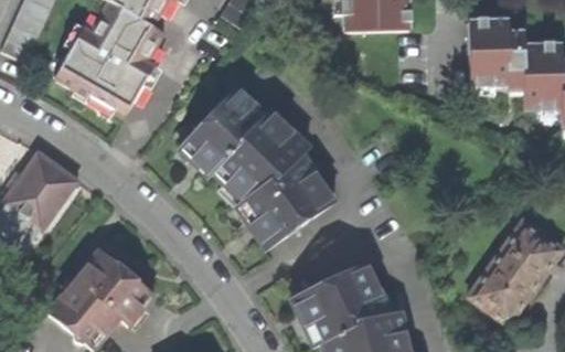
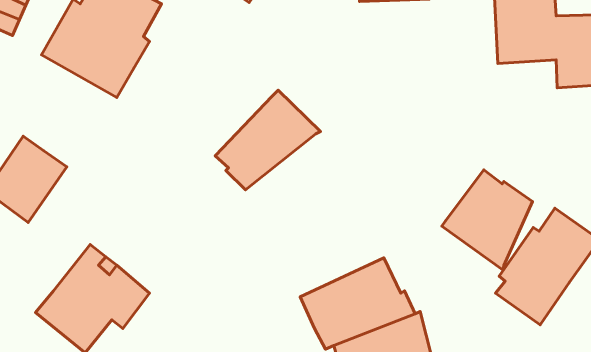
building: [178,86,265,175] -> none
building: [235,150,334,249] -> none
building: none -> [442,170,532,270]

